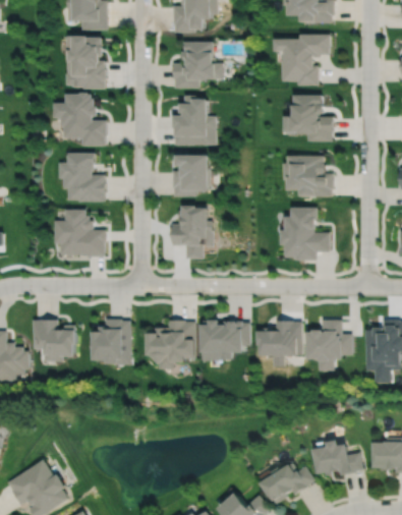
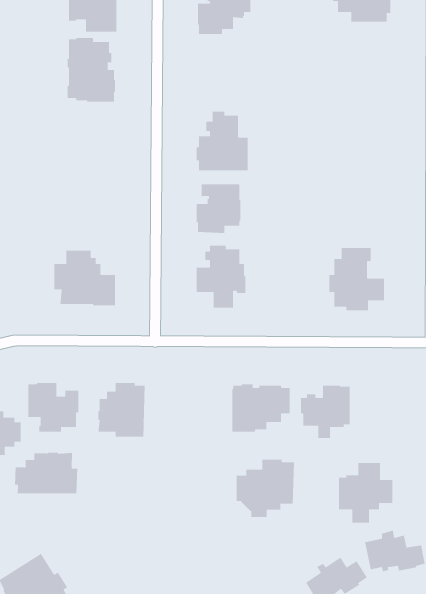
building: [275,34,330,84] -> none
building: [173,41,223,88] -> none
building: [52,92,106,146] -> none
building: [284,95,333,141] -> none
building: [58,153,106,202] -> none
building: [285,156,333,196] -> none
building: [147,321,195,369] -> [236,459,295,518]
building: [305,321,351,371] -> [338,462,393,524]
building: none -> [14,452,78,494]

